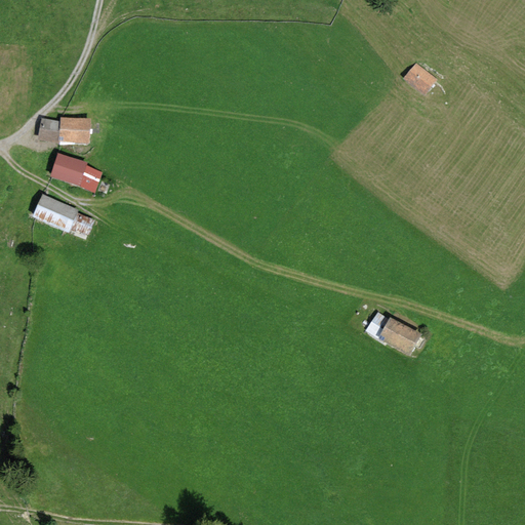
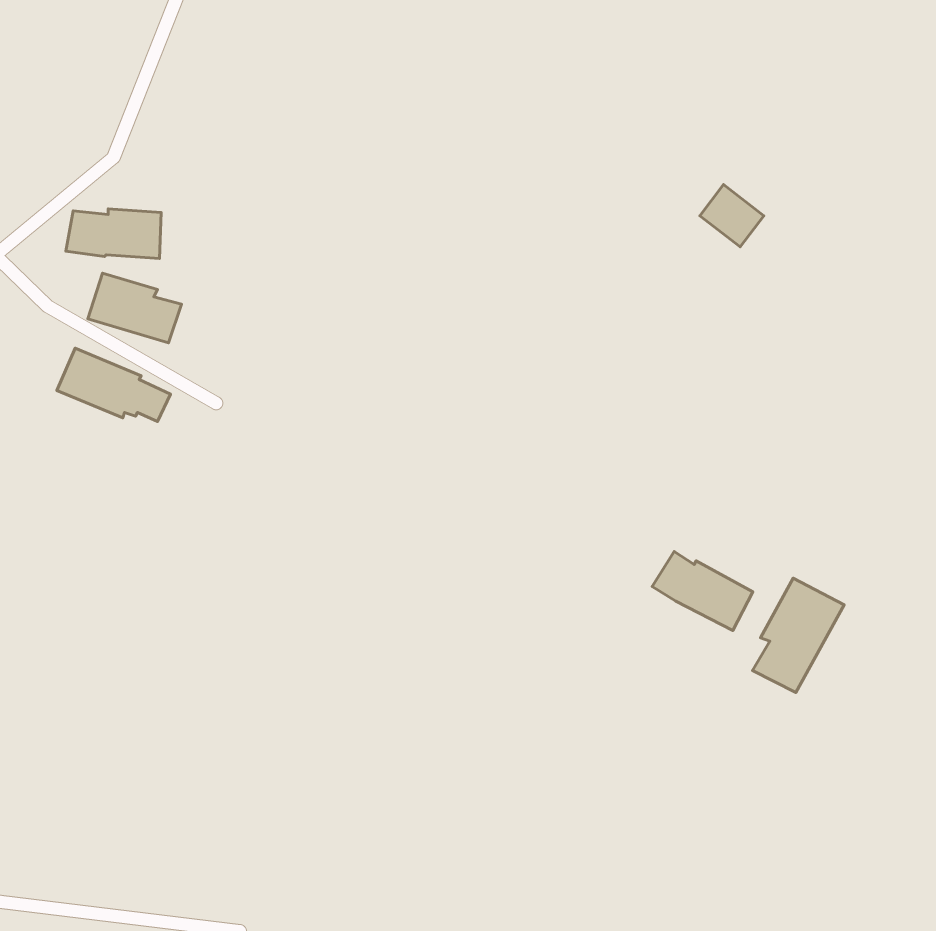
building: [402,62,438,96] -> [700,185,764,247]
building: none -> [752,578,844,692]

